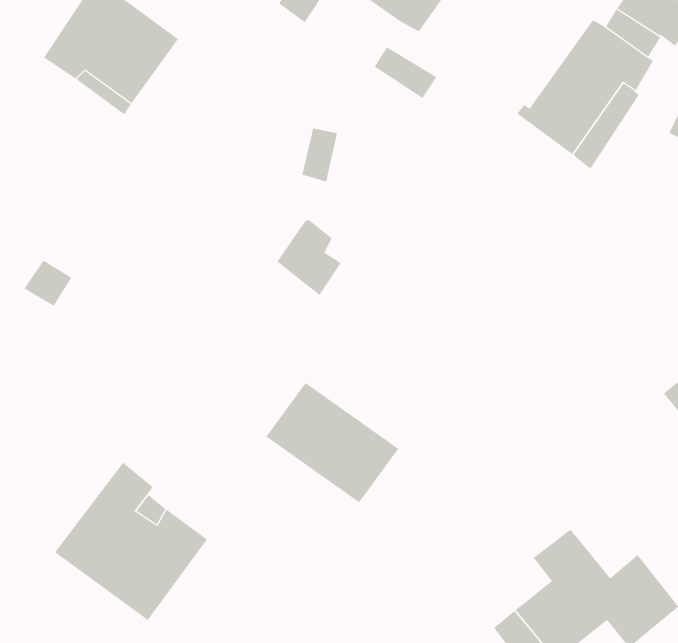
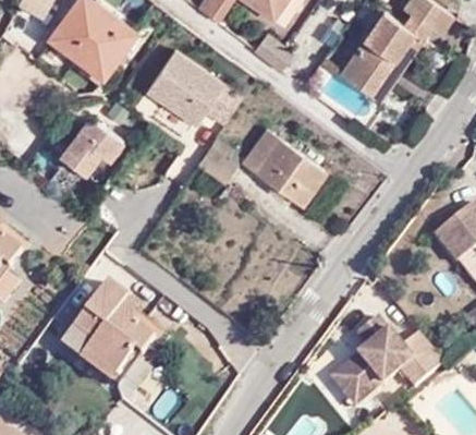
building: none -> [139,44,220,135]
building: none -> [50,108,117,176]
building: [265,382,399,503] -> [242,131,322,204]

